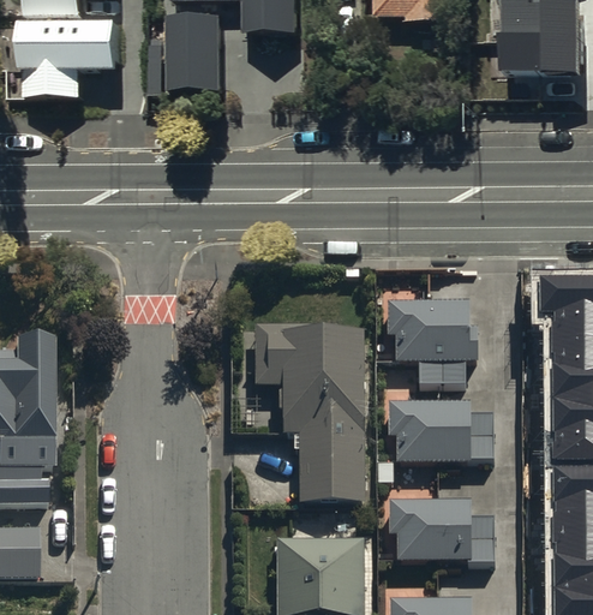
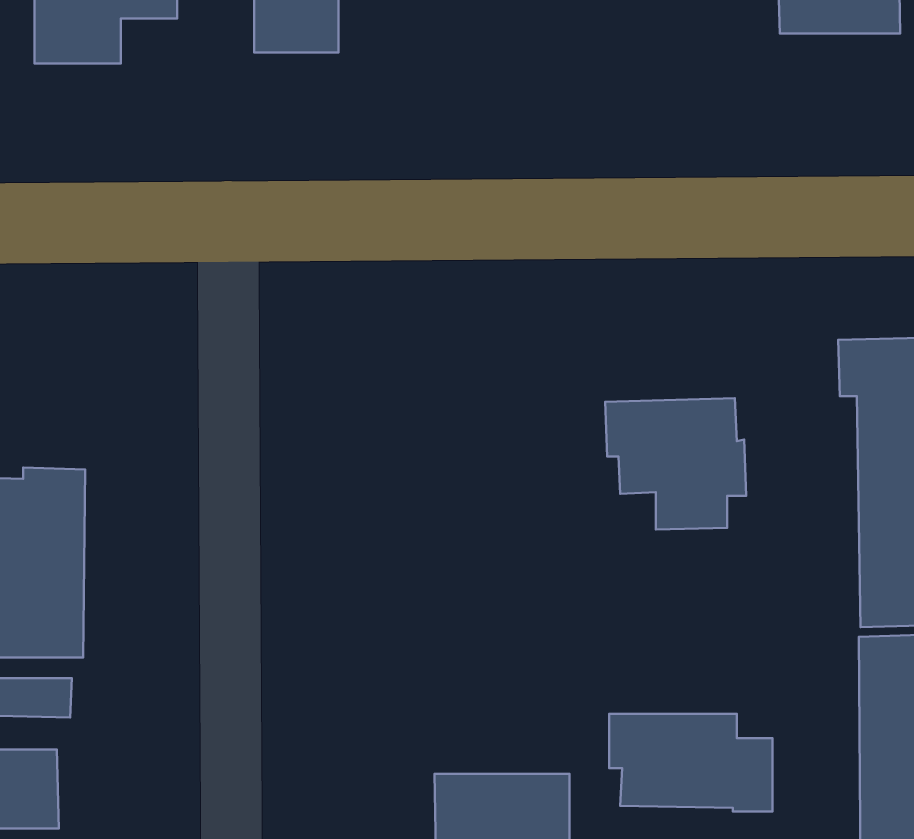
building: [254,326,369,506] -> none
building: [390,405,495,462] -> none

